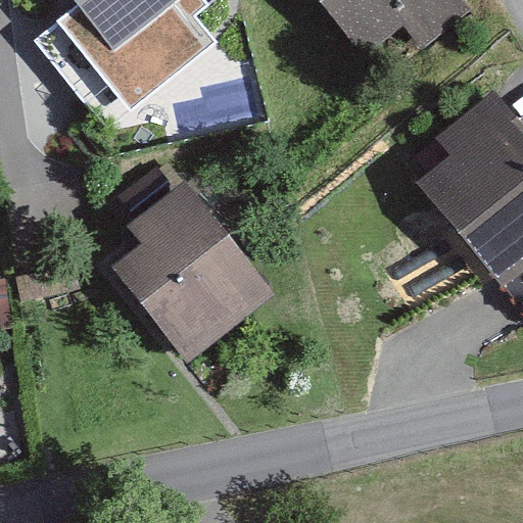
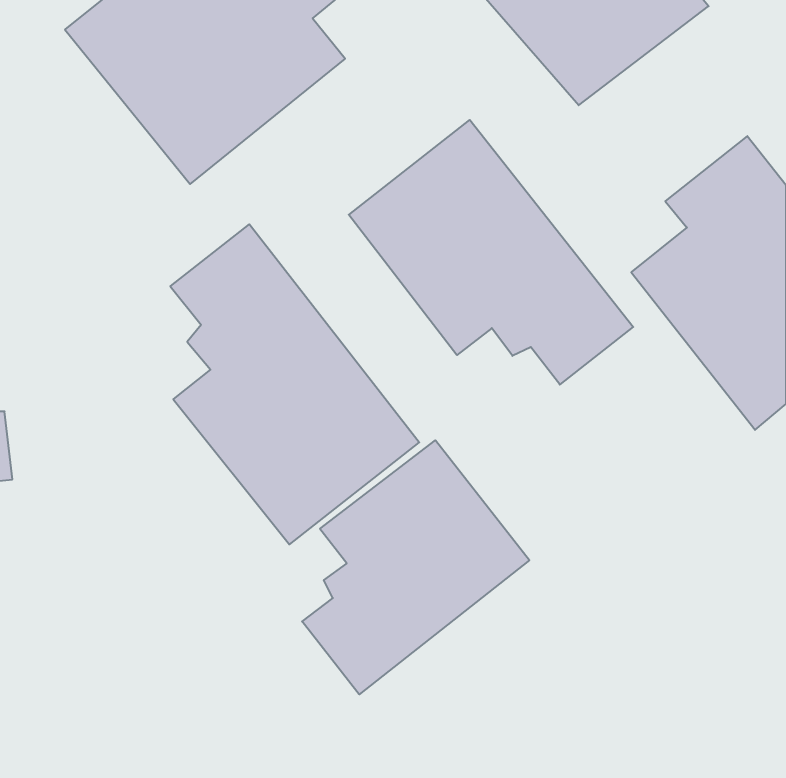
building: none -> [349,120,633,385]
building: none -> [302,440,529,694]

